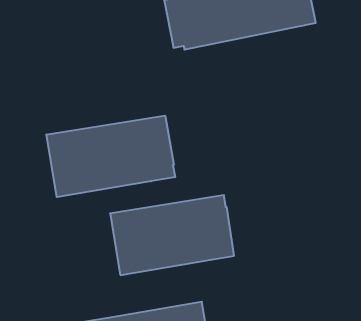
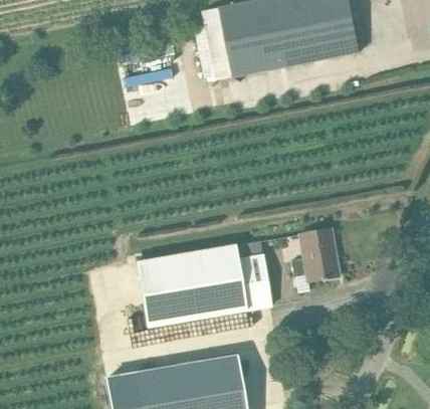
building: [46,116,175,197] -> none
building: none -> [291,227,340,279]

